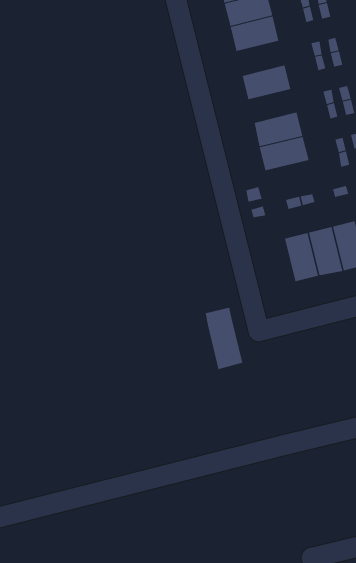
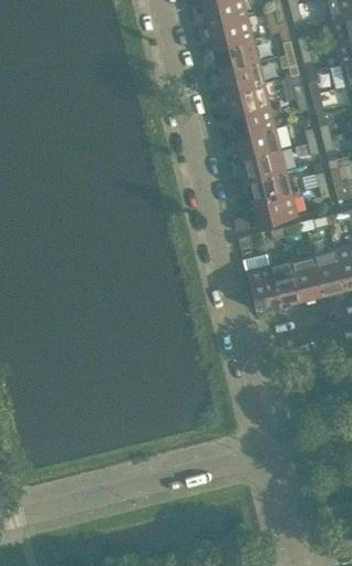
building: none -> [226,84,271,116]
building: none -> [237,128,282,159]
building: none -> [252,193,299,227]
building: [205,307,243,370] -> [245,254,280,312]

